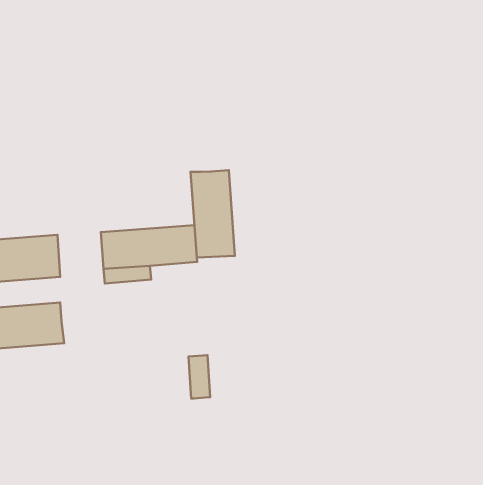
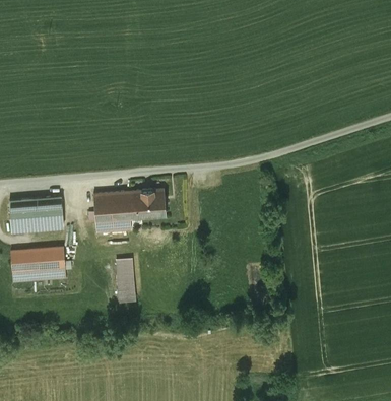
building: [191,170,235,257] -> none
building: [189,355,210,399] -> [117,259,133,291]

